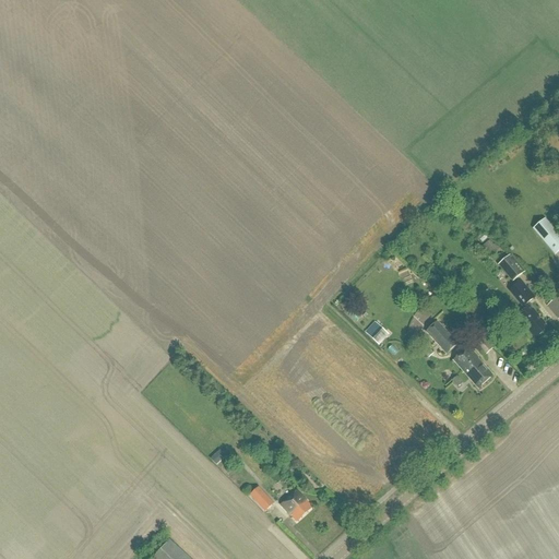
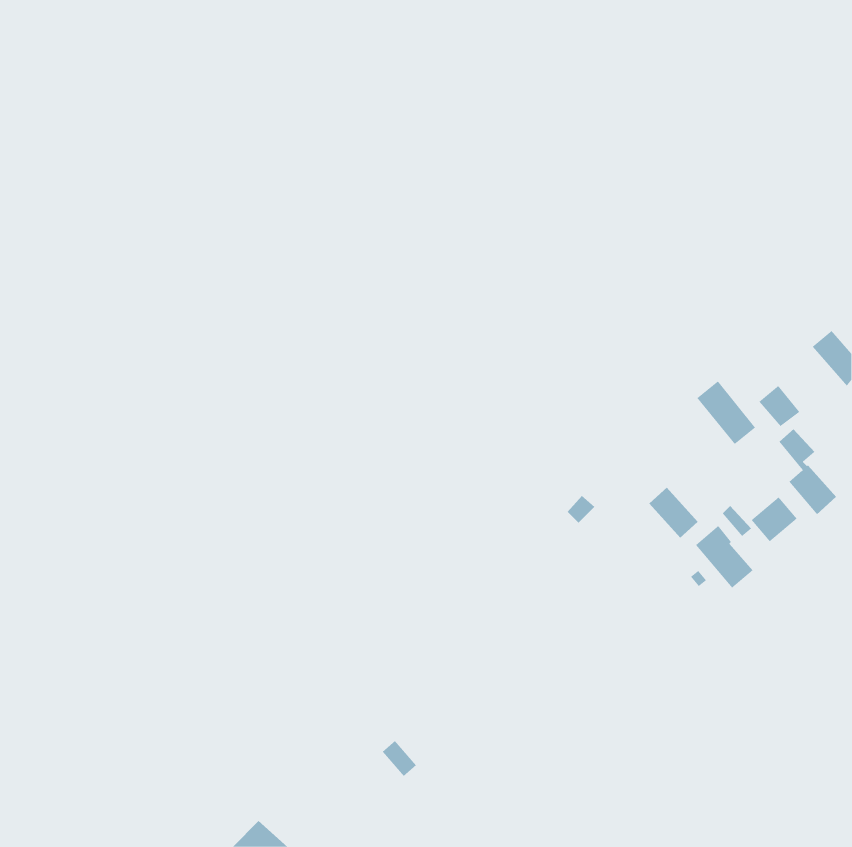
building: none -> [697,381,756,445]
building: none -> [751,496,797,542]
building: [282,488,312,519] -> none

